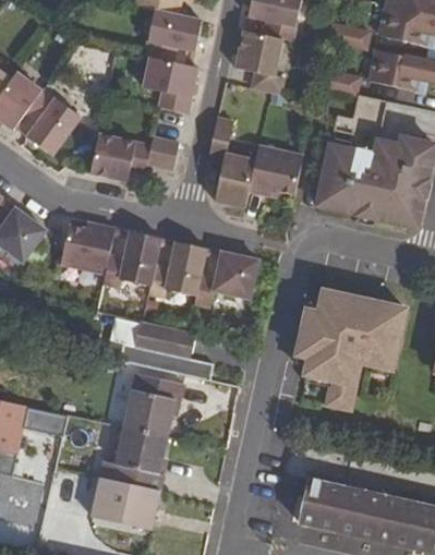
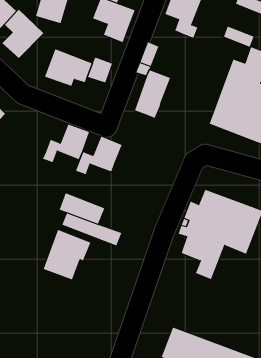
building: [249,143,303,195] -> none
building: [59,221,114,275] -> none
building: [194,251,258,305] -> none
building: [90,427,166,529] -> none

